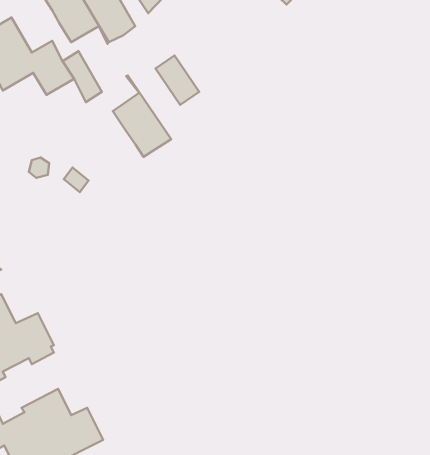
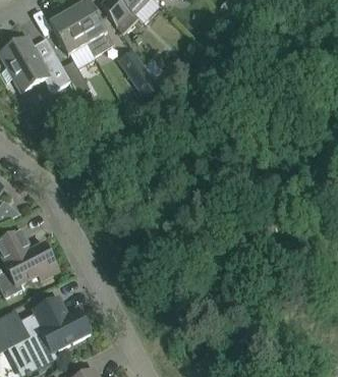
building: [113,75,171,157] -> none

